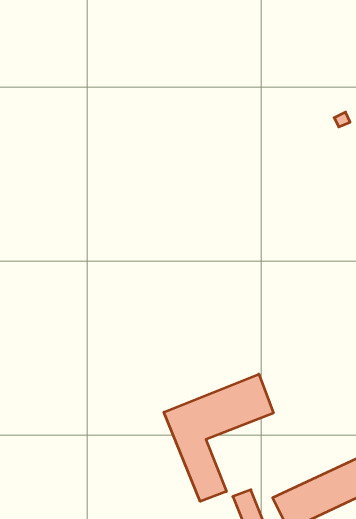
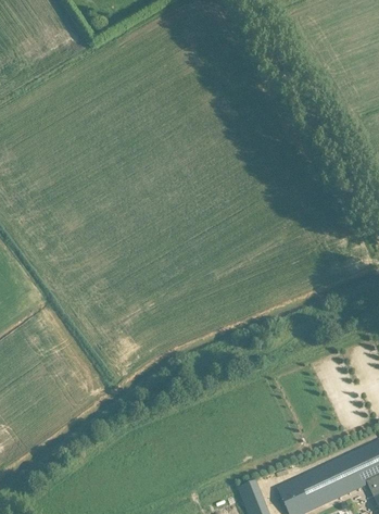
building: [164,374,273,501] -> none

